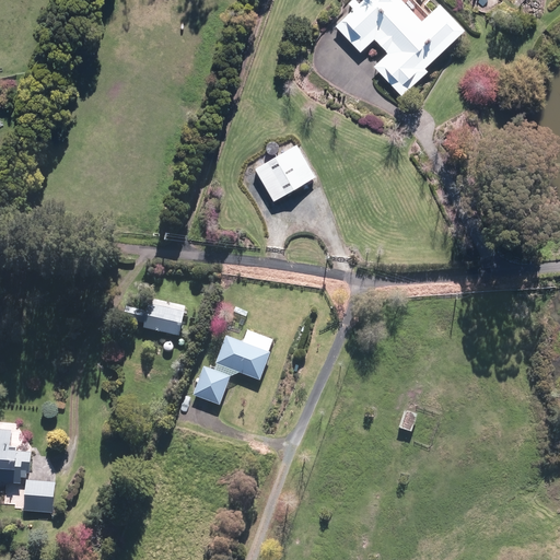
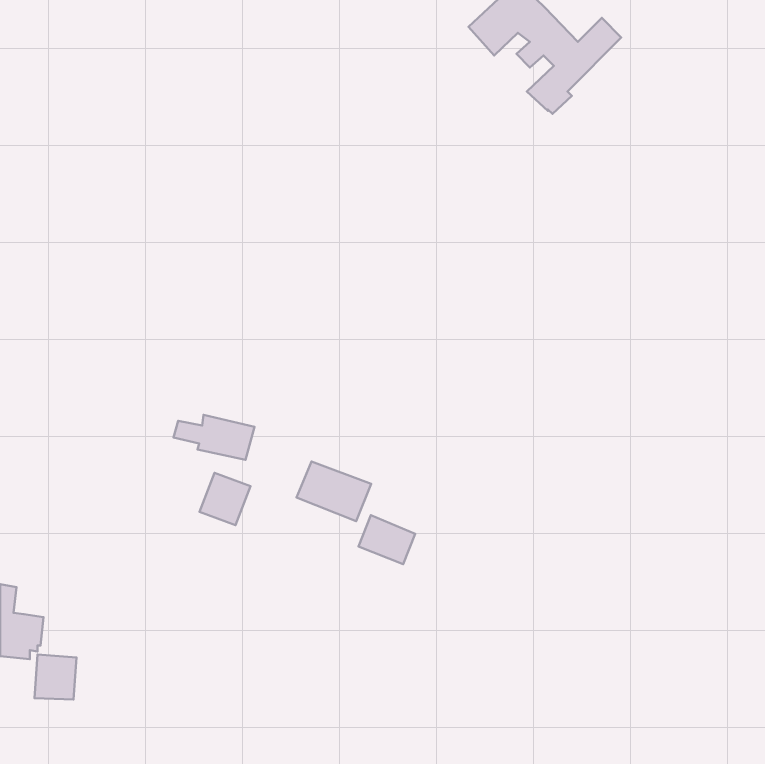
building: [254,144,315,200] -> none
building: [194,368,231,406] -> [200,473,251,525]
building: none -> [358,515,415,564]

